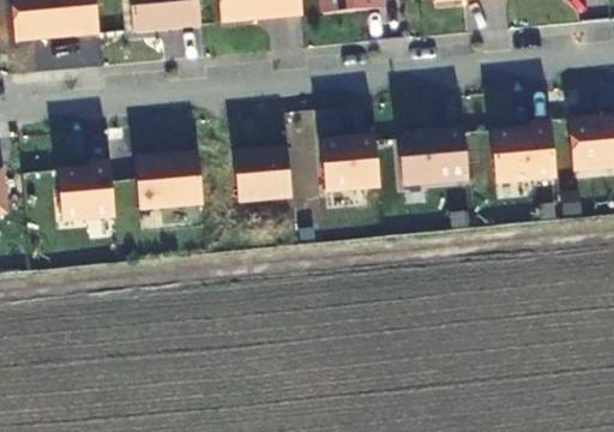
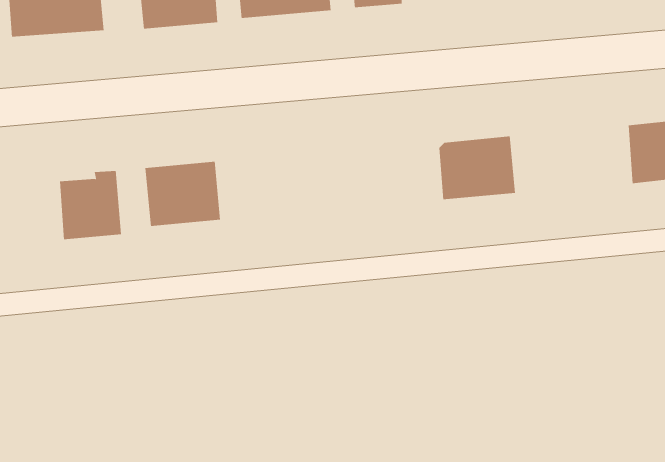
building: [490,120,555,182] -> none
building: [320,134,379,191] -> none
building: [234,146,291,200] -> none

